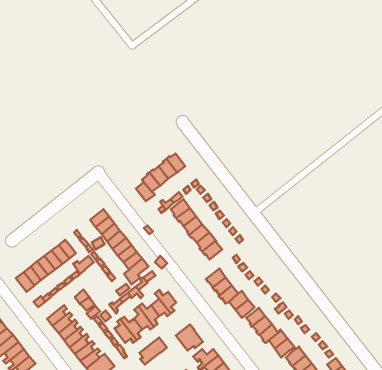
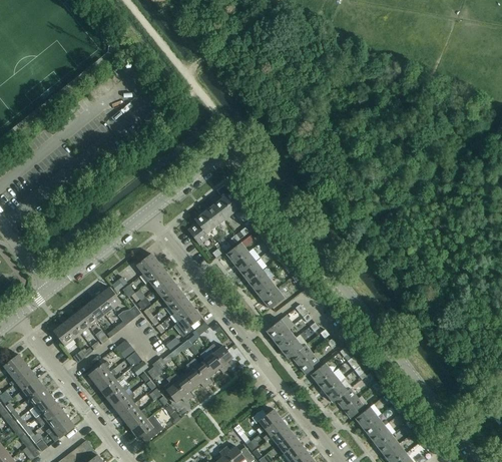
building: [176,325,203,351] -> none
building: [140,338,167,365] -> none

